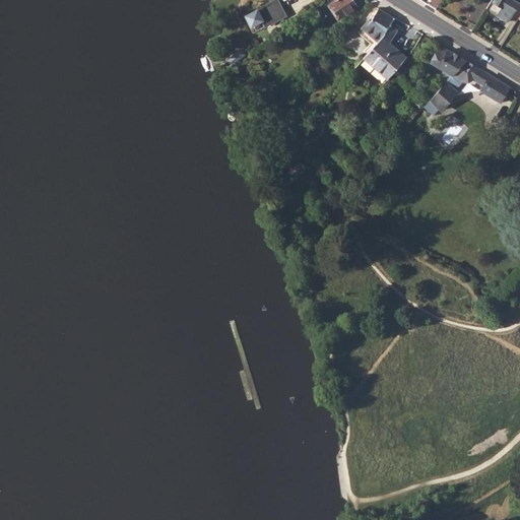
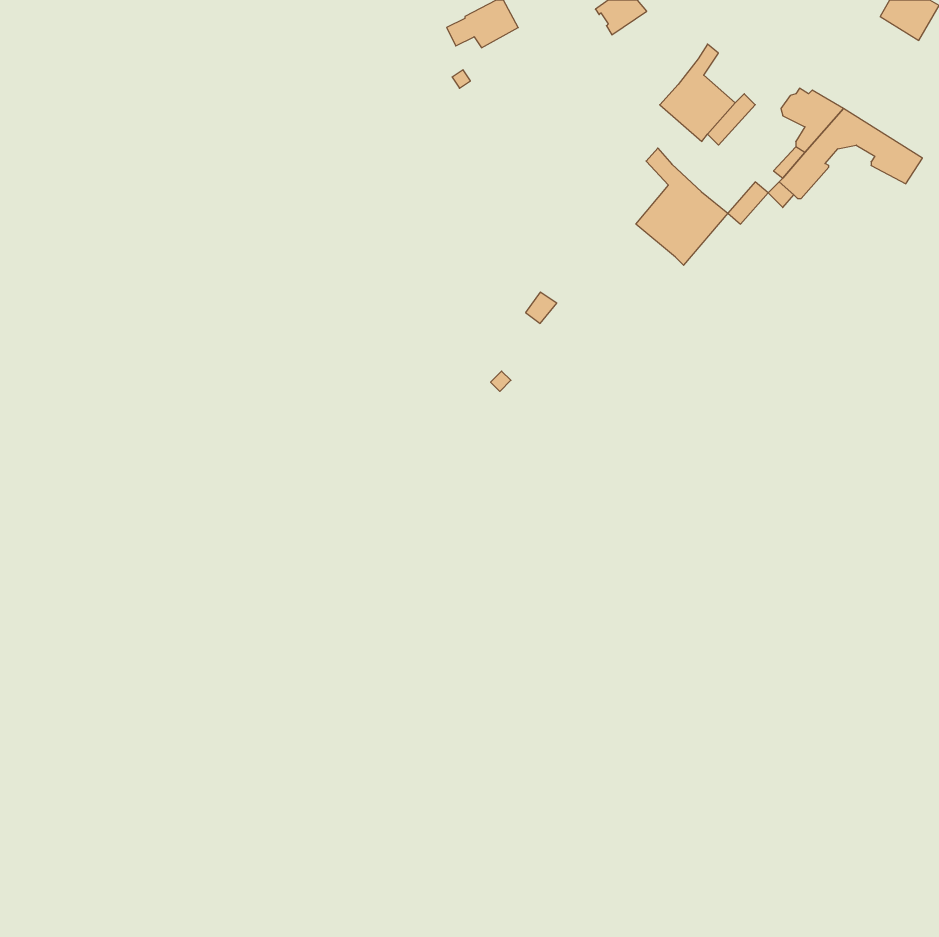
building: [358,9,395,48] -> none
building: none -> [636,148,728,265]

